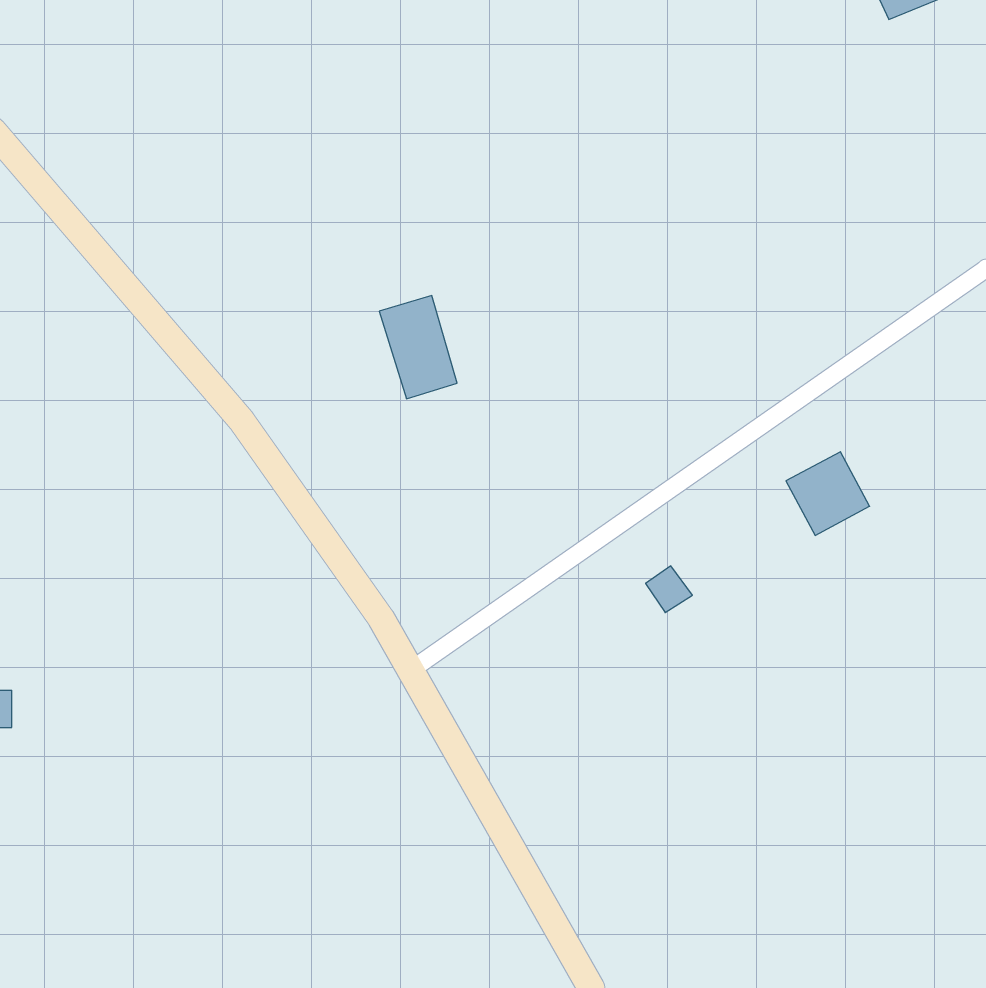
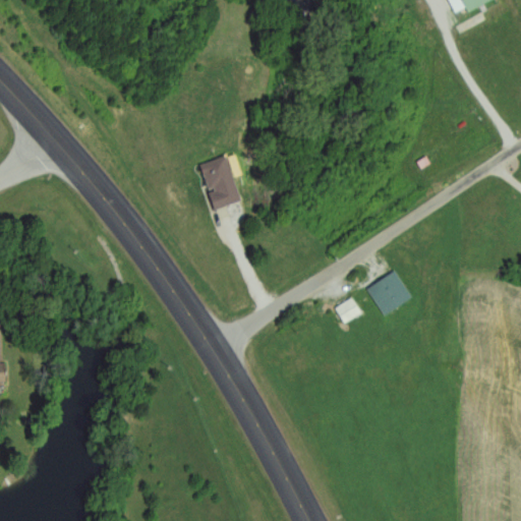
building: [786,452,870,535] -> [367,270,411,313]

